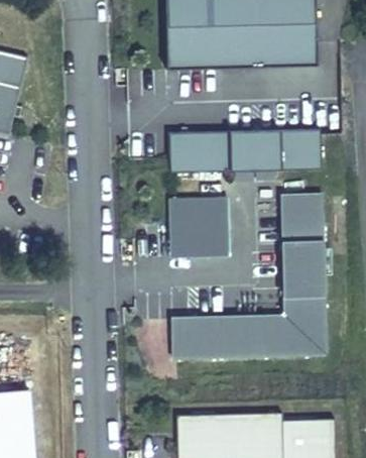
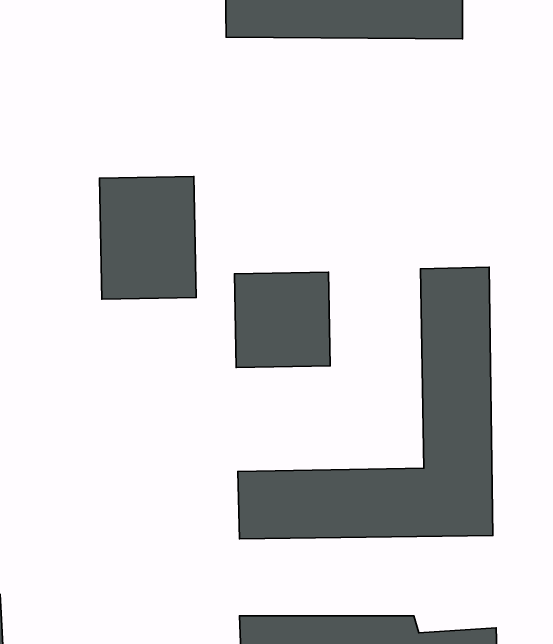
building: [168,130,320,168] -> none
building: none -> [100,176,196,299]

